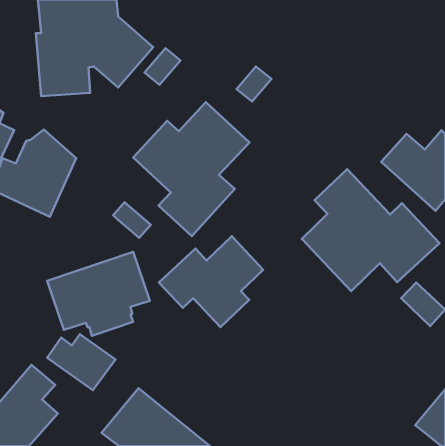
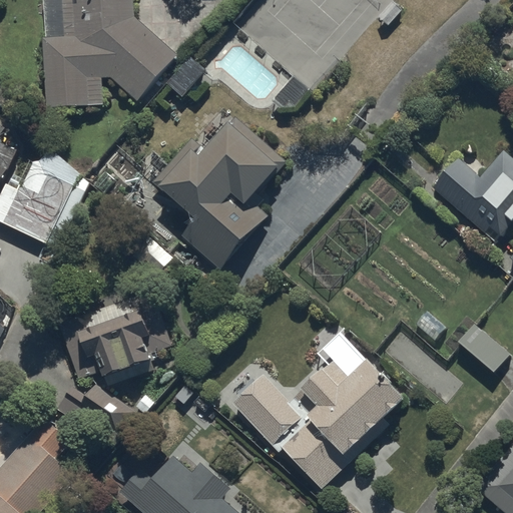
building: [302,169,439,291] -> none
building: [159,236,263,327] -> none
building: none -> [231,356,410,490]

